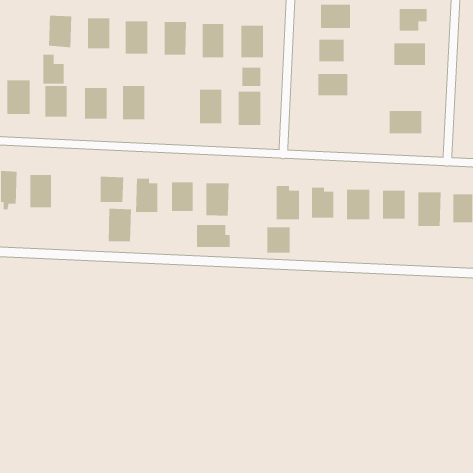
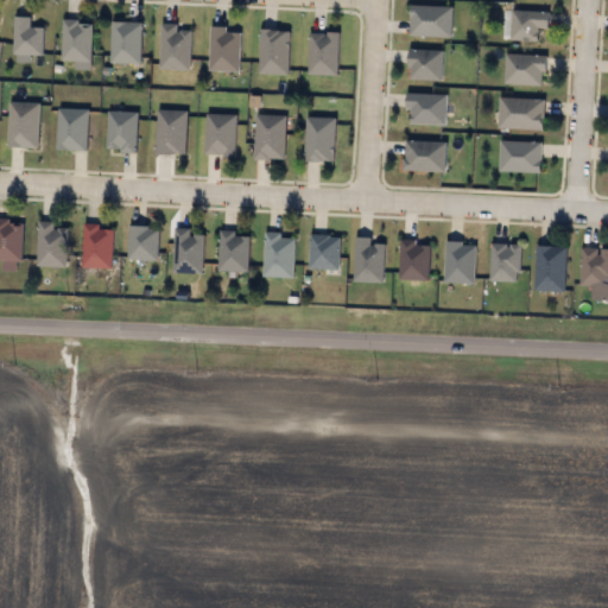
building: [42,54,65,84] -> [14,15,43,55]
building: [242,67,261,87] -> none
building: none -> [498,97,544,129]
building: none -> [207,114,235,157]
building: none -> [404,140,446,172]
building: [108,208,132,242] -> [82,224,113,268]
building: [196,224,231,248] -> none
building: [266,227,291,253] -> [309,235,340,270]

